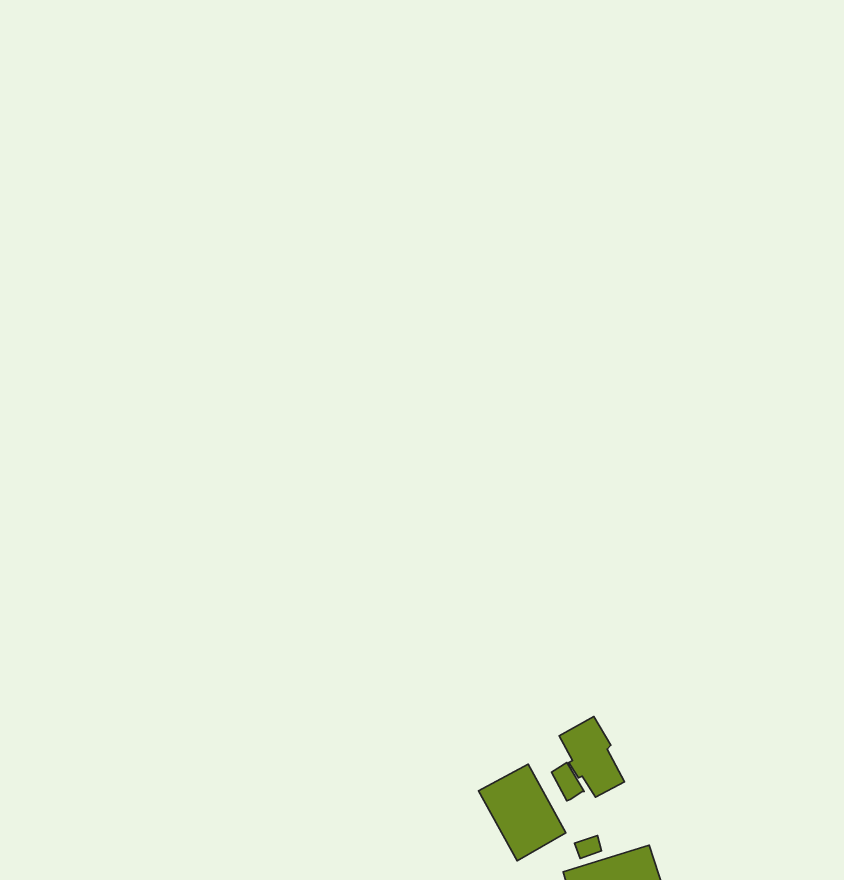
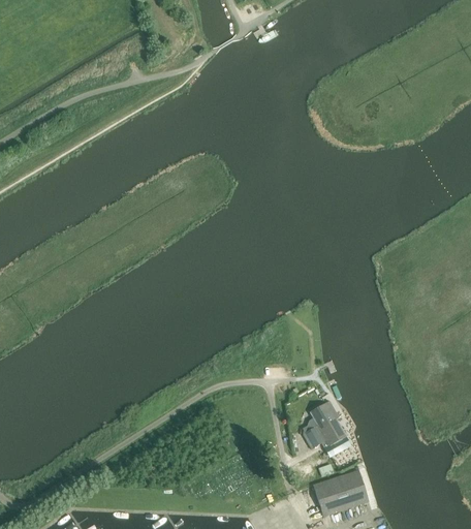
building: [479,764,566,861] -> none

